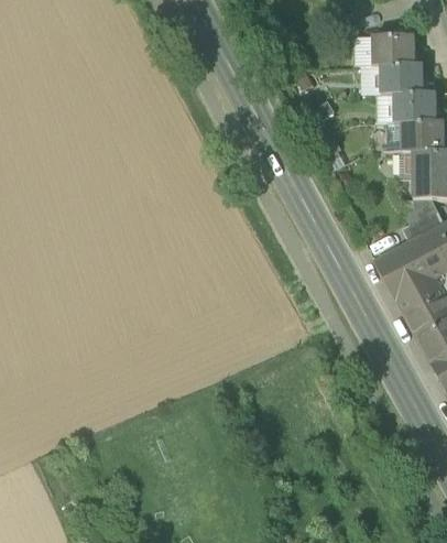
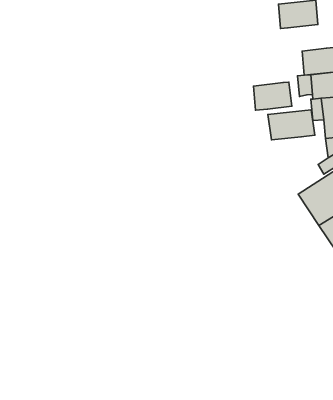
building: [380,62,423,91] -> [253,82,292,110]
building: none -> [268,110,315,140]

